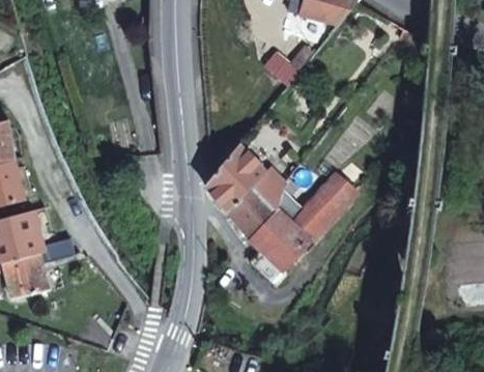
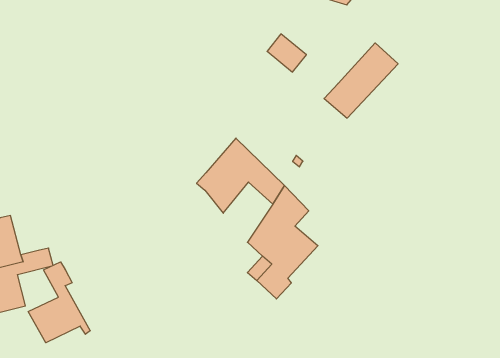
building: [290,171,357,238] -> [324,43,398,118]
building: [226,181,271,235] -> none
building: none -> [28,262,90,343]

